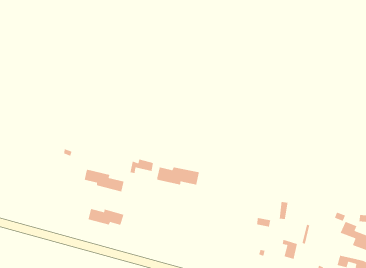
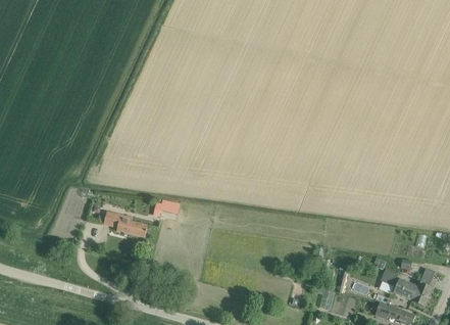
building: [156,166,200,186] -> none
building: [87,208,124,226] -> none

